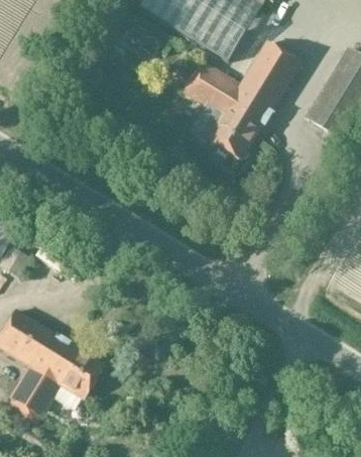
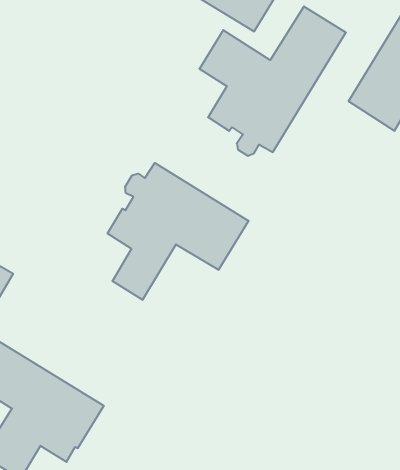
building: none -> [108,163,249,300]

